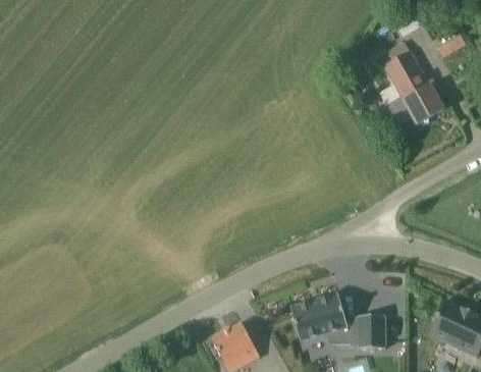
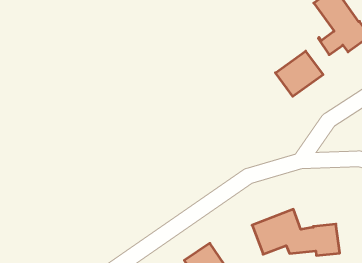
building: none -> [275,51,323,96]

